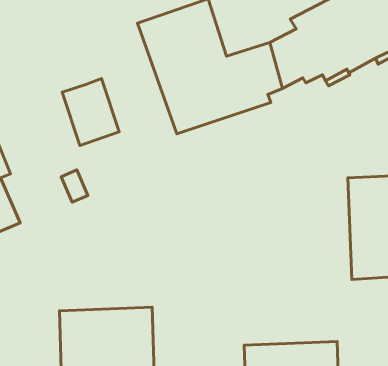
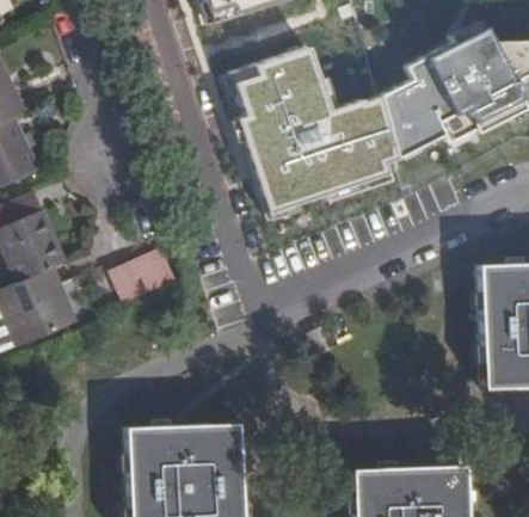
building: [62,79,119,145] -> none

